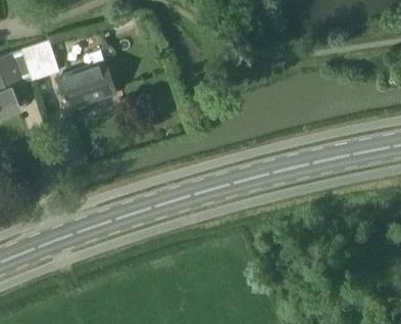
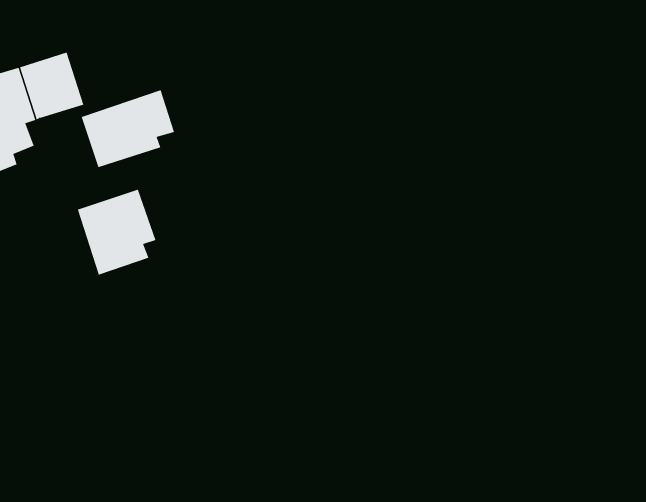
building: none -> [77,189,156,276]

